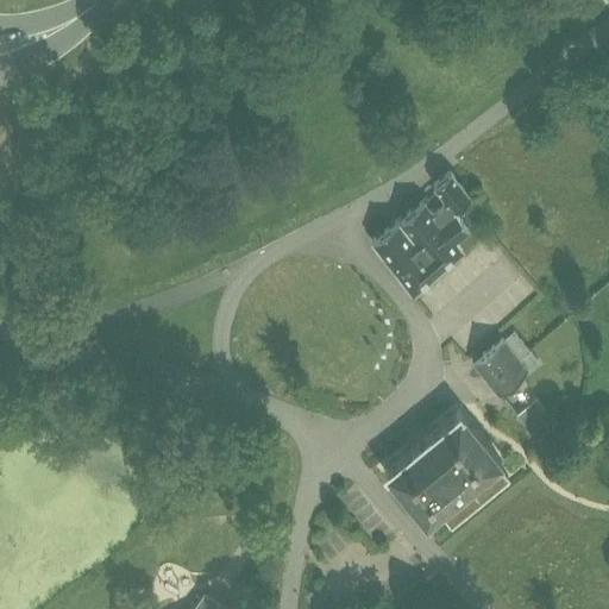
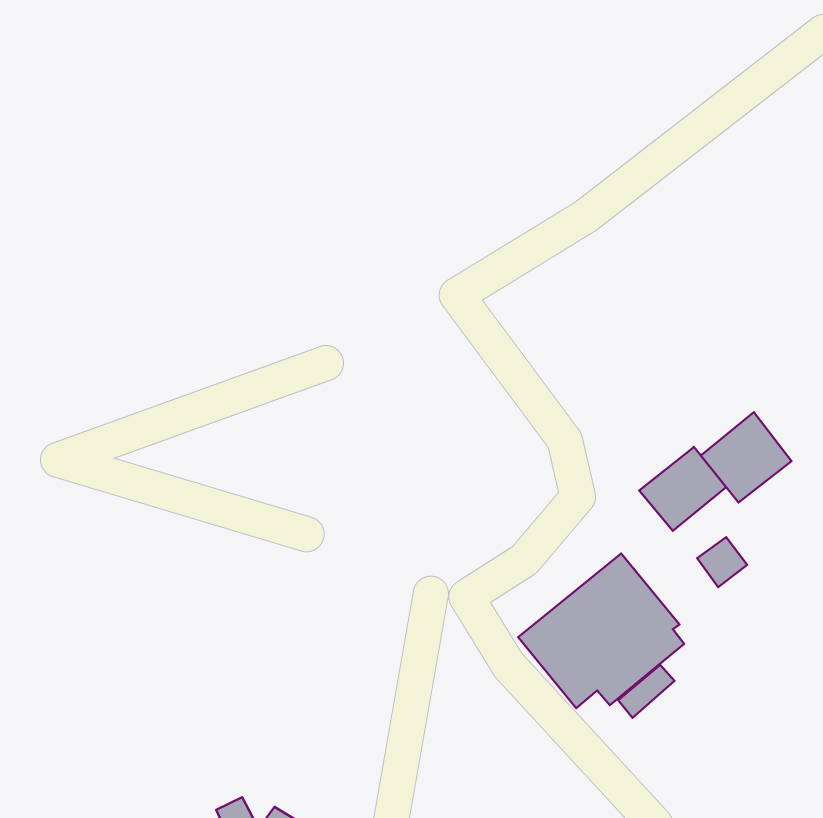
building: [370,175,469,296] -> none
building: none -> [701,412,791,503]

